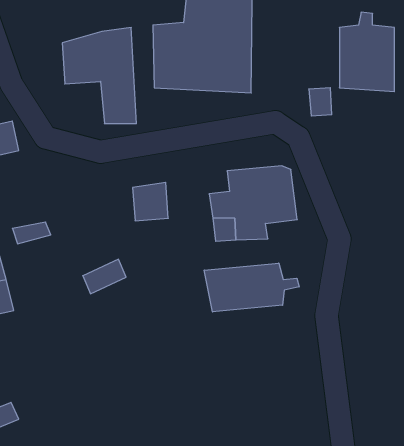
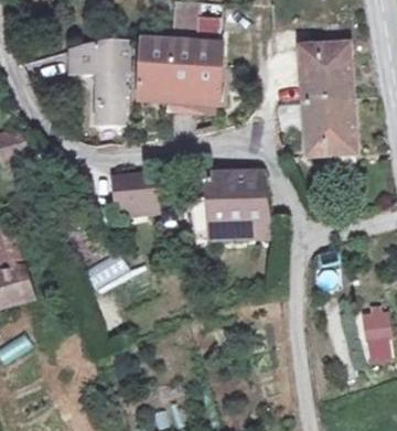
building: none -> [302,101,352,171]
building: [204,263,299,312] -> none

